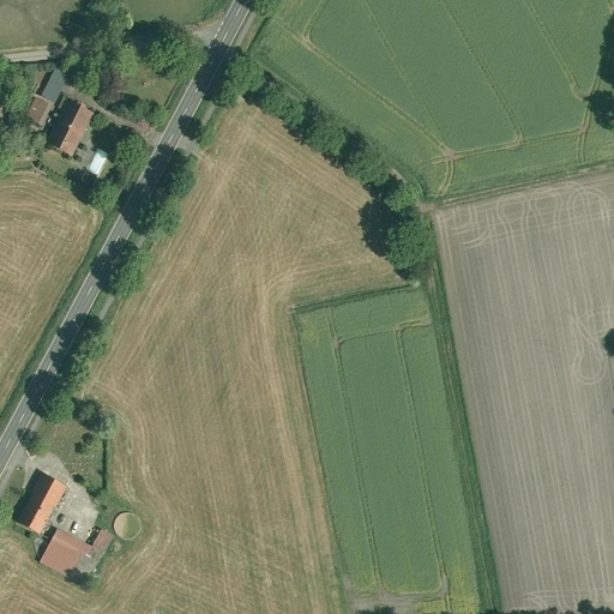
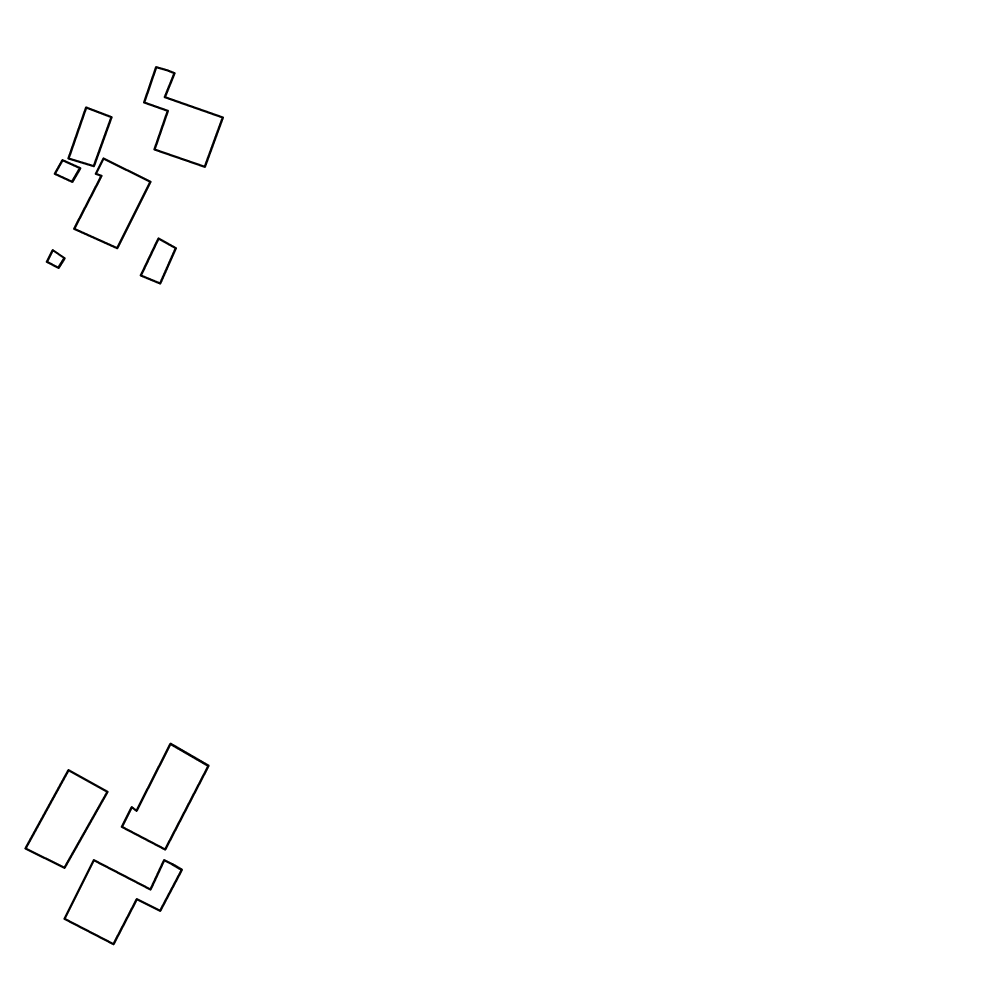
building: none -> [144,67,223,167]
building: none -> [122,744,208,849]

